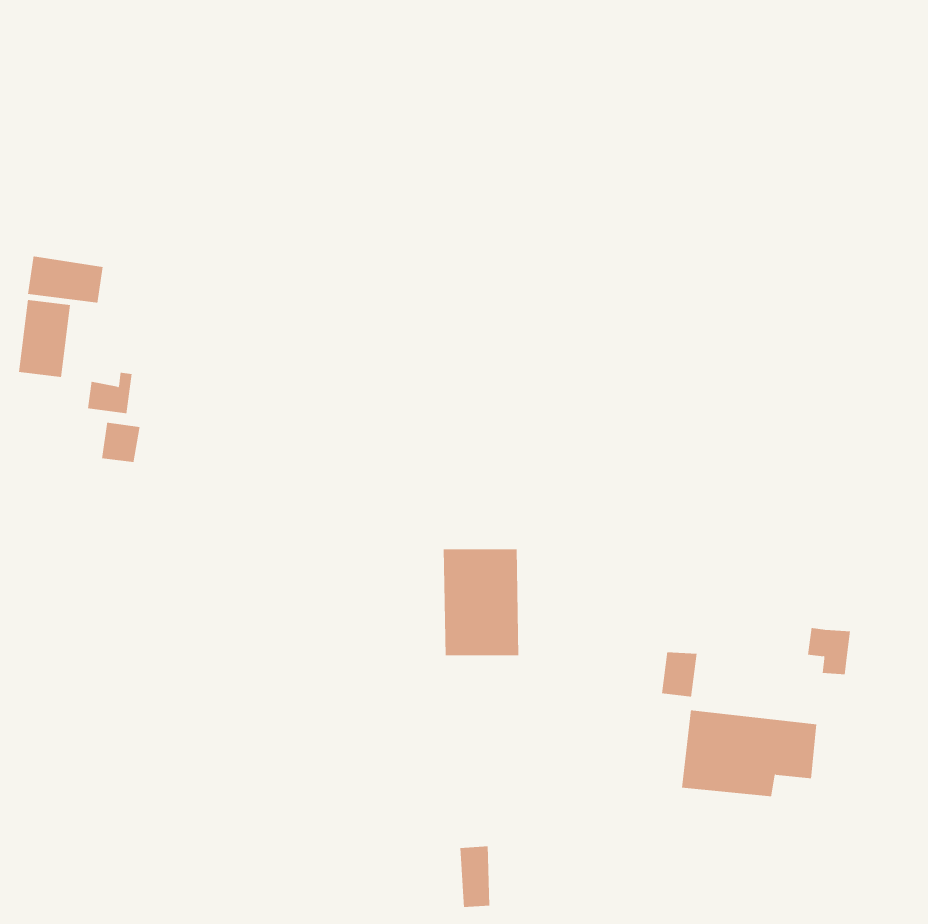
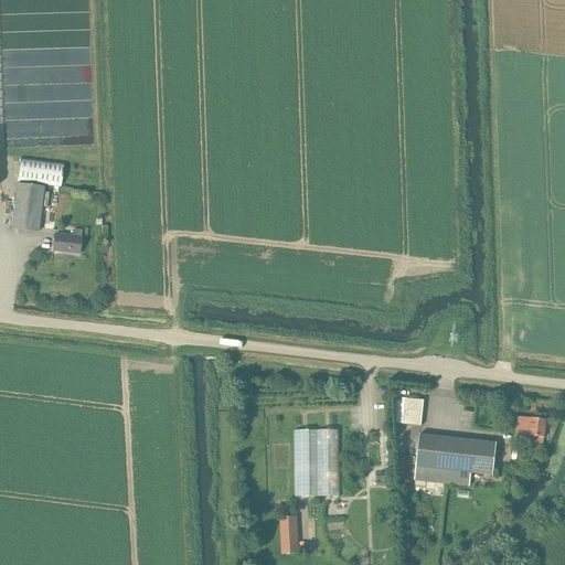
building: [102,422,140,463] -> none
building: [443,549,519,656] -> [294,428,340,493]
building: [807,628,851,675] -> [520,415,546,444]

